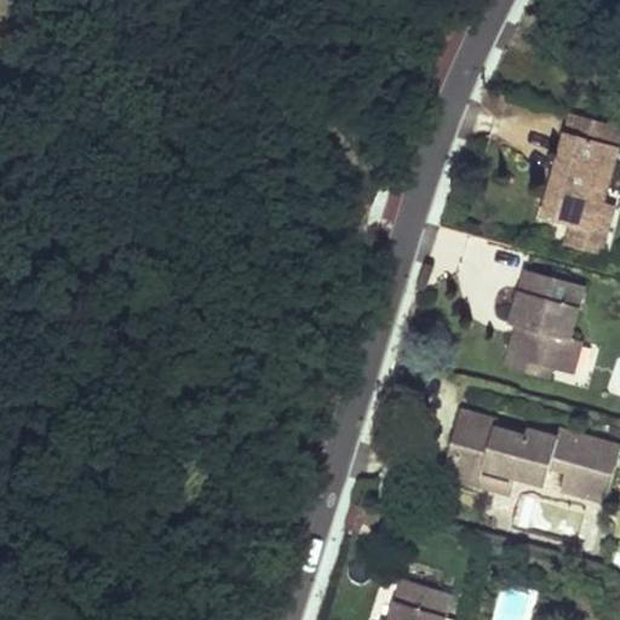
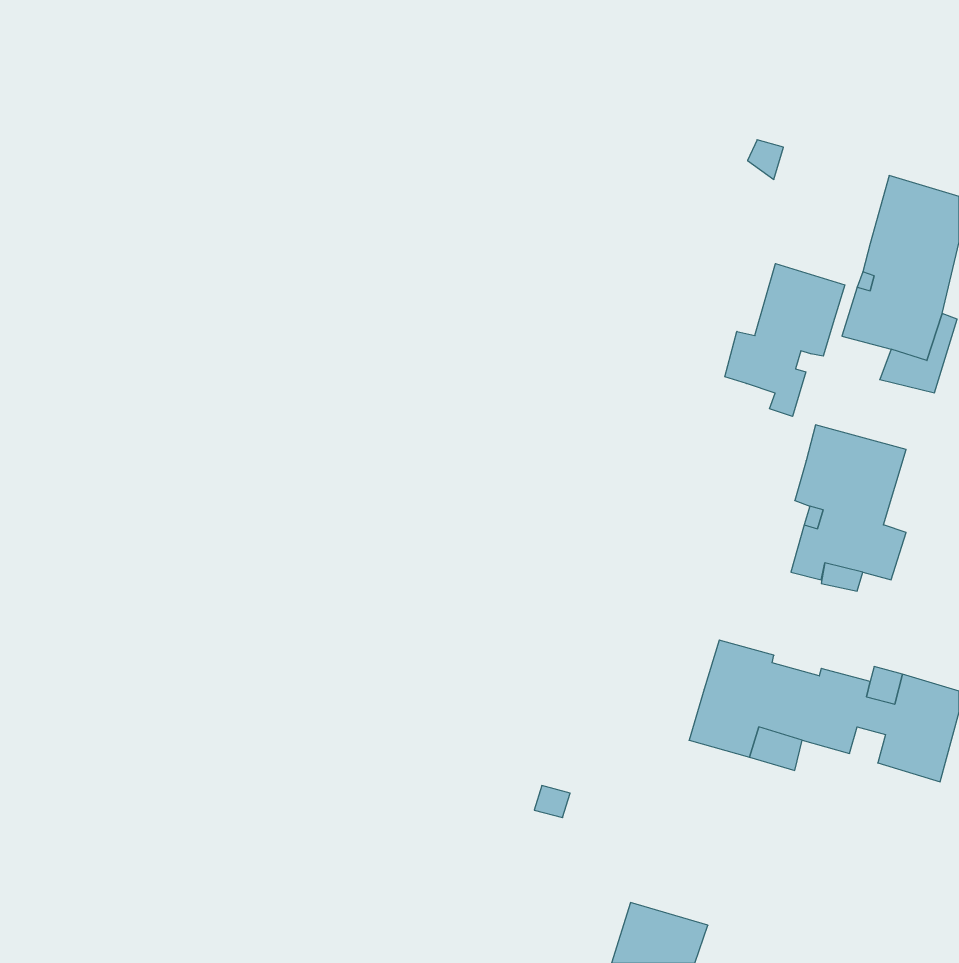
building: none -> [725,264,845,416]

